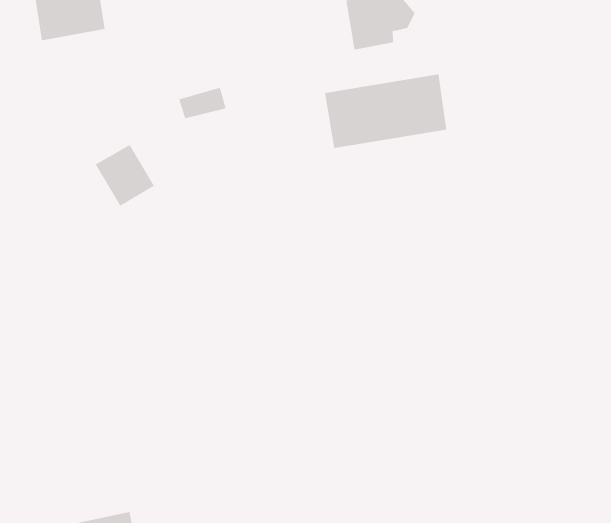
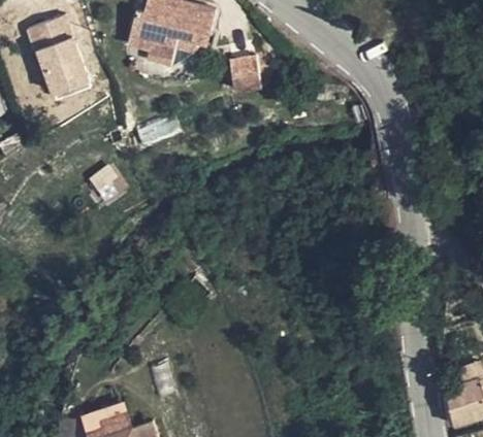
building: [325,73,447,149] -> none

